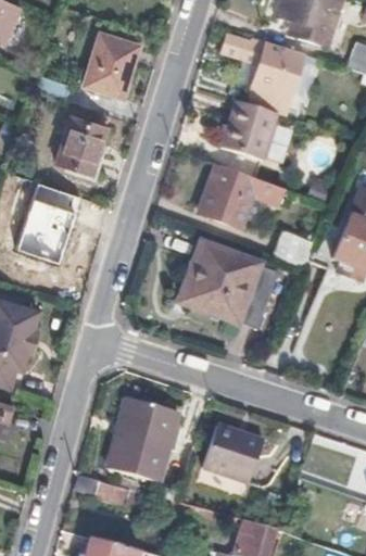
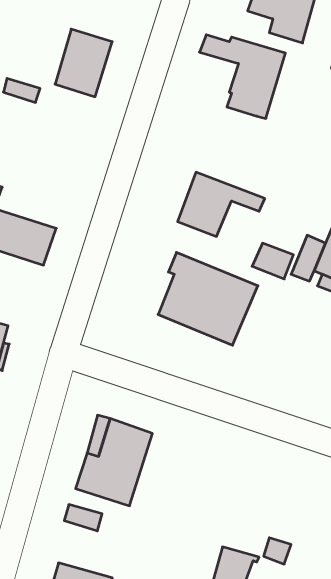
building: [220,101,276,161] -> none
building: [58,114,106,172] -> none
building: [202,421,265,482] -> none

